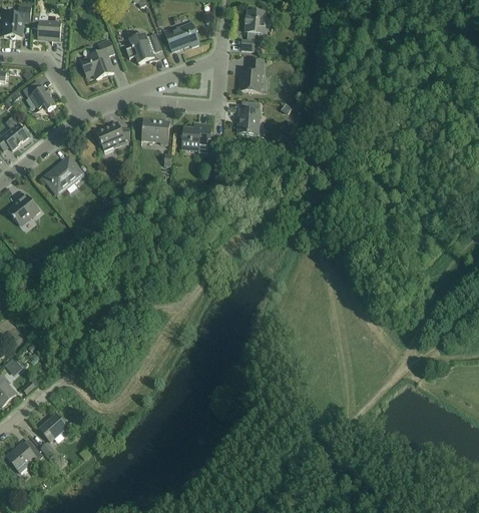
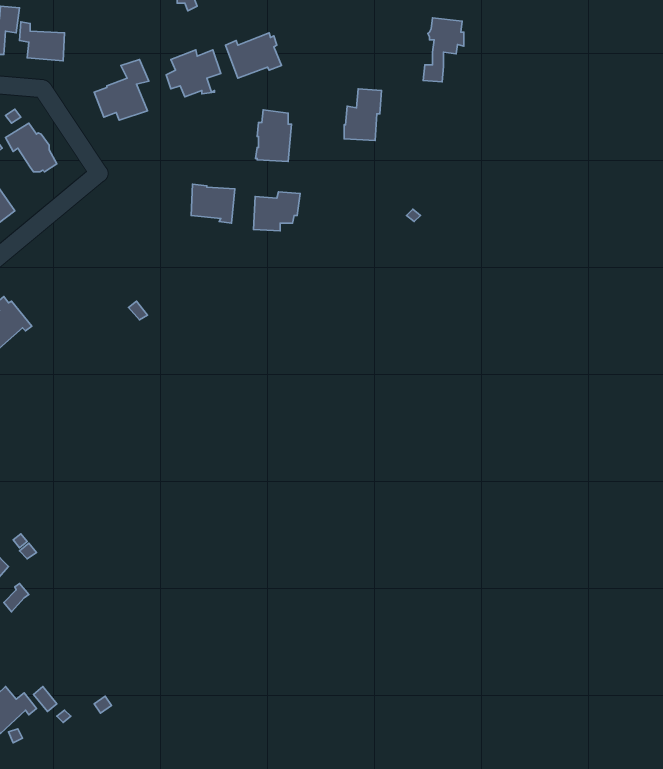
building: [241,10,267,51] -> [423,18,464,82]
building: [236,100,260,133] -> [255,110,291,161]
building: [95,121,129,152] -> none
building: [42,157,83,193] -> none
building: [38,413,67,442] -> none

